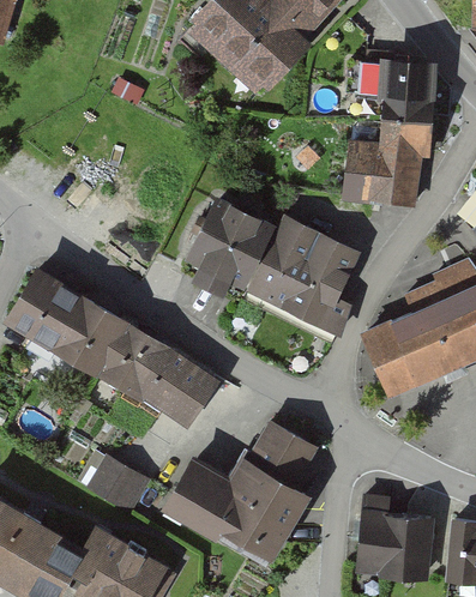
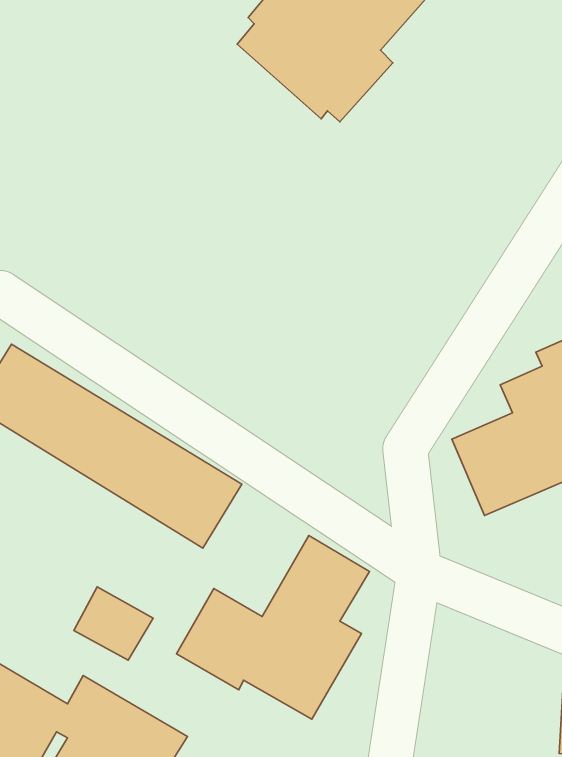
building: [332,62,433,205] -> none
building: [176,191,354,327] -> none
building: [360,499,433,577] -> none

